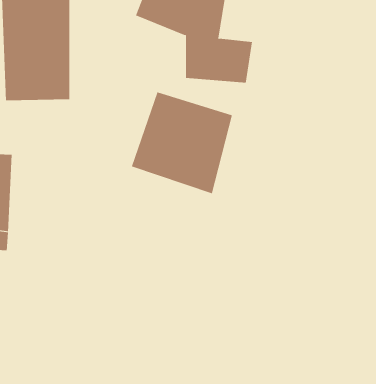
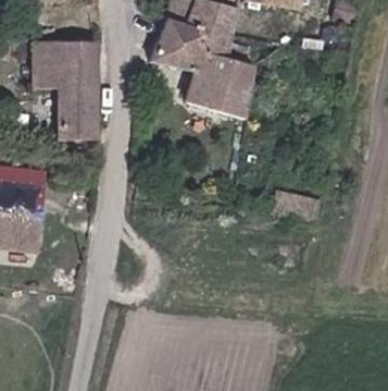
building: [131,92,232,194] -> none

